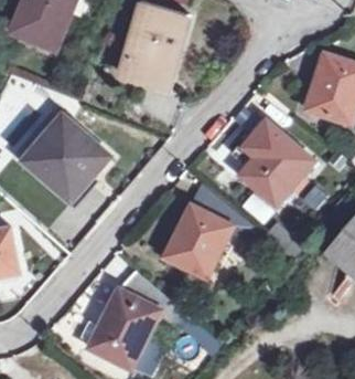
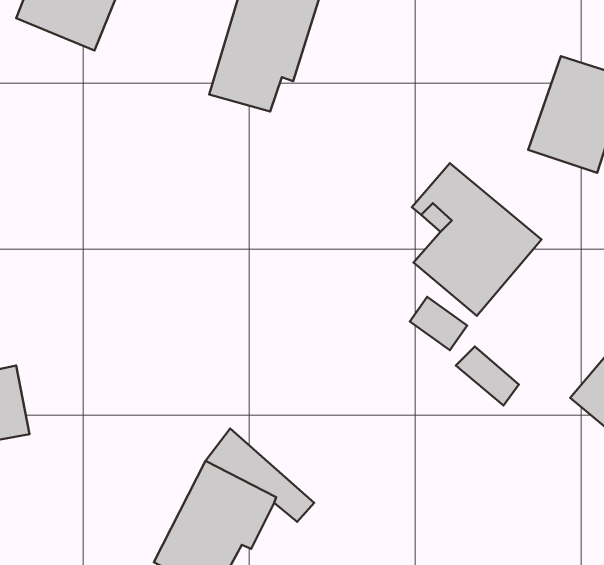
building: [24,117,108,199] -> none
building: [164,182,250,275] -> none

